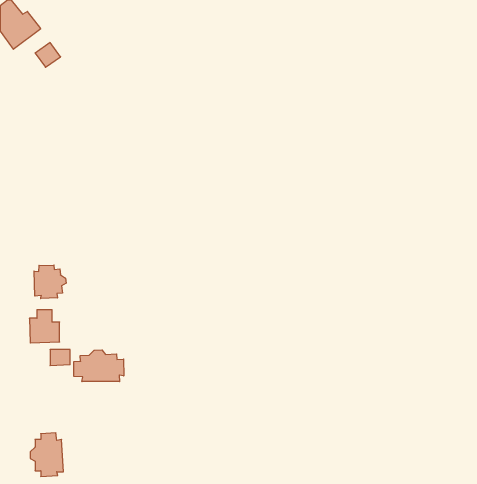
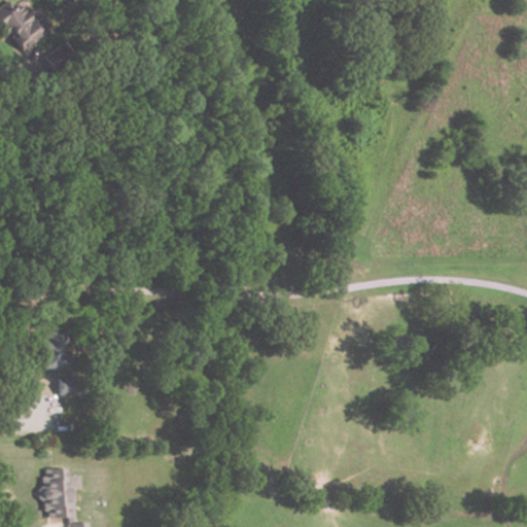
building: [34,265,66,299] -> none
building: [74,350,124,382] -> none

